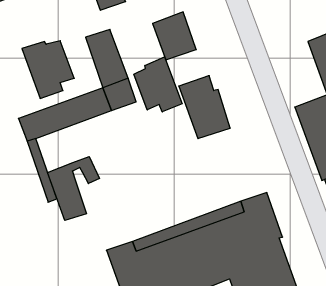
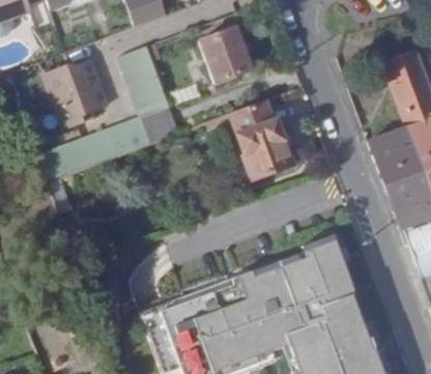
building: [134,57,182,112] -> none
building: [48,157,99,220] -> none

